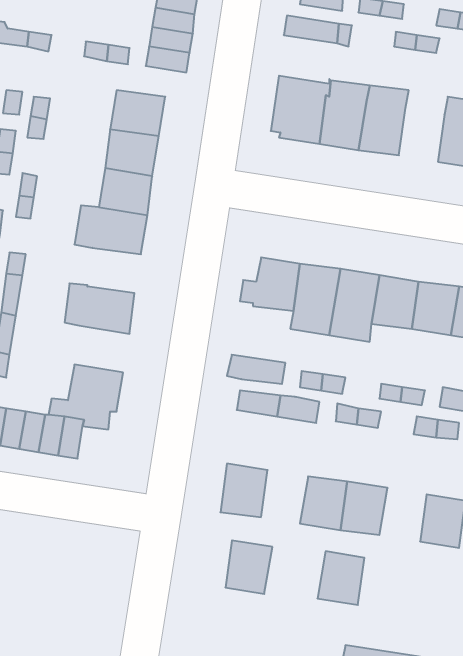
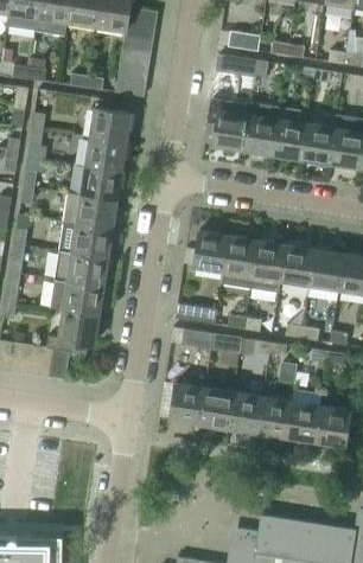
building: none -> [300,123,333,162]
building: none -> [59,223,112,258]
building: none -> [51,280,103,316]
building: [225,540,272,594] -> [199,388,234,427]
building: [317,551,364,605] -> [286,401,320,440]

